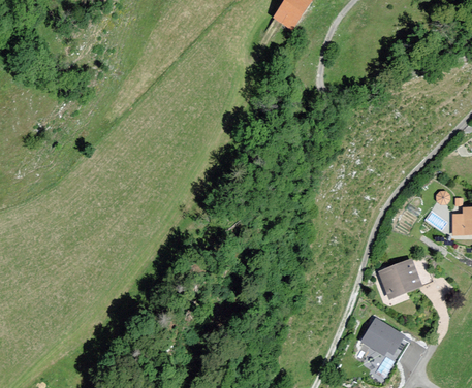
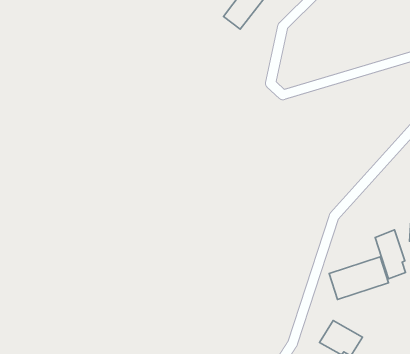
building: none -> [375,230,405,279]

